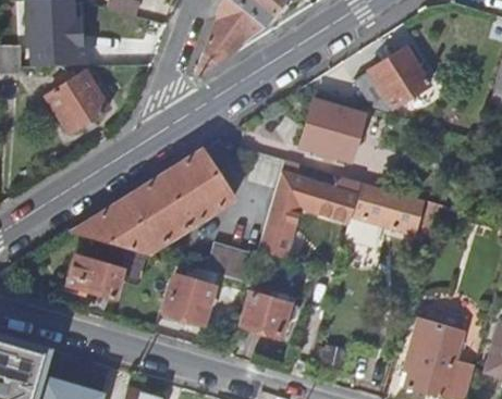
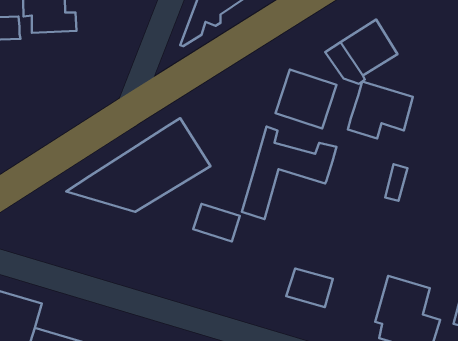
building: [44,71,108,133] -> none
building: [348,183,418,244] -> [348,82,413,139]
building: [68,254,120,297] -> none
building: [164,274,213,323] -> none
building: [245,296,295,337] -> [286,269,333,307]

